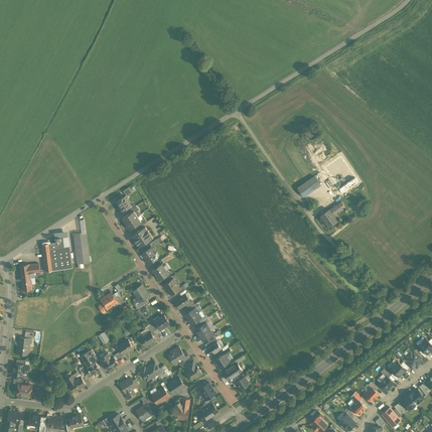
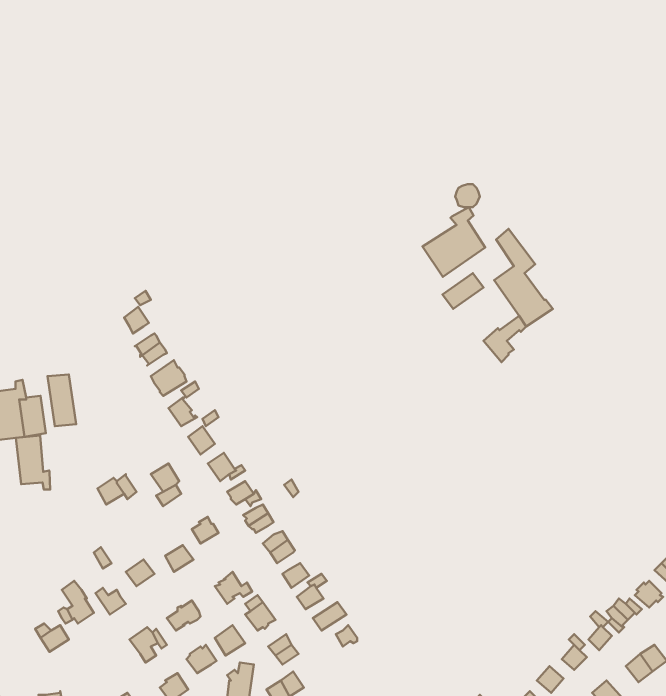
building: none -> [422,207,485,277]
building: none -> [16,436,50,490]

